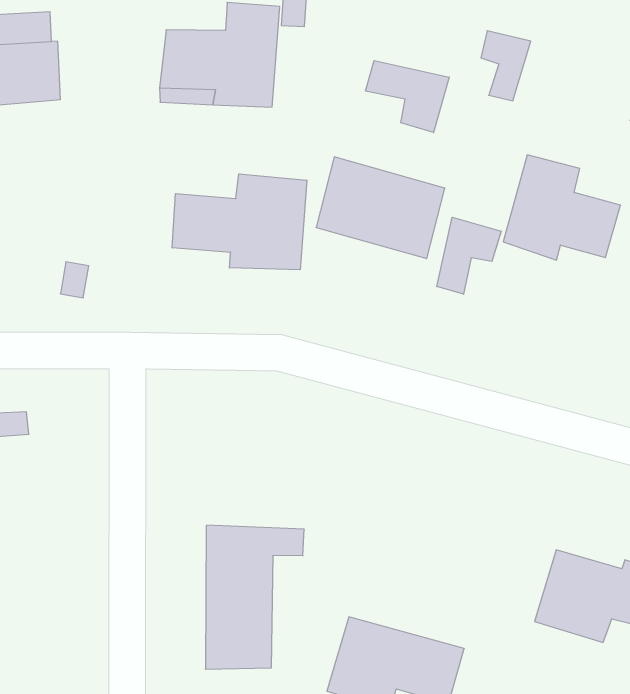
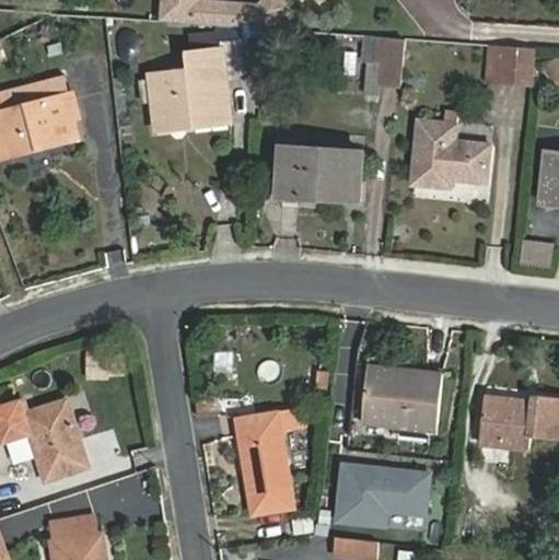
building: [365,61,449,133] -> none
building: [172,174,307,270] -> none
building: [437,217,501,294] -> none
building: none -> [361,363,442,432]

